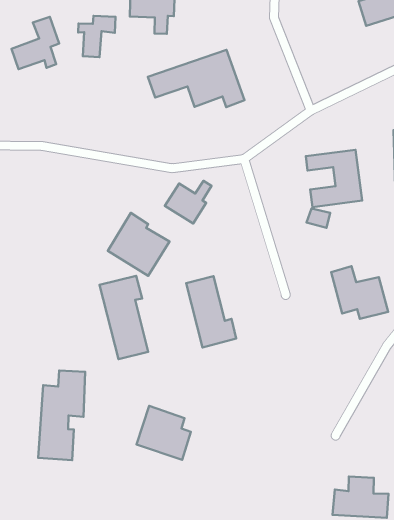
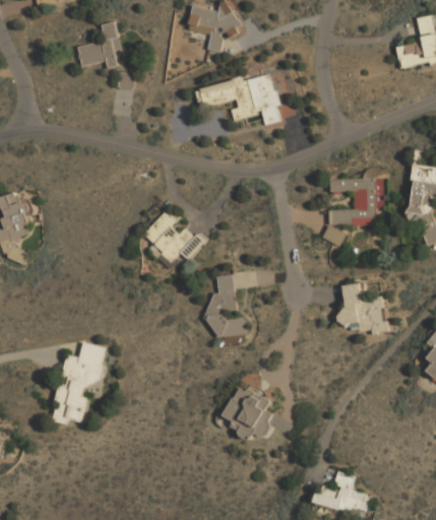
building: [78,16,115,57] -> none
building: [165,181,211,224] -> none
building: [100,276,148,359] -> none
building: [136,406,191,460] -> [223,386,273,439]

